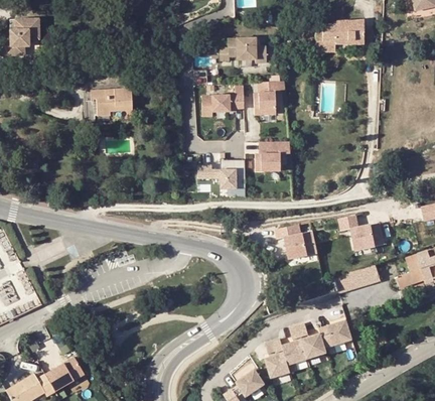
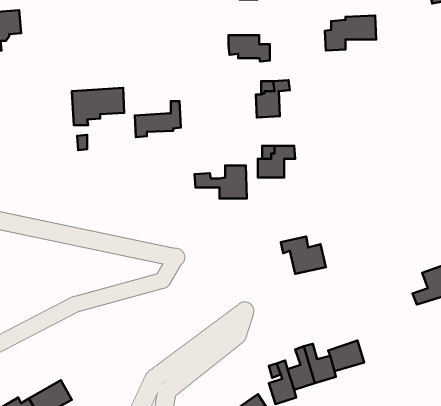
building: [201,83,244,116] -> [135,101,181,137]
building: [338,216,385,251] -> none
building: [334,264,379,293] -> none

